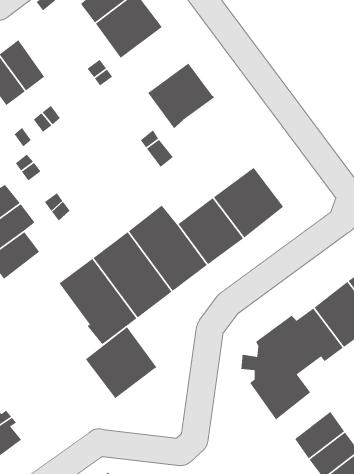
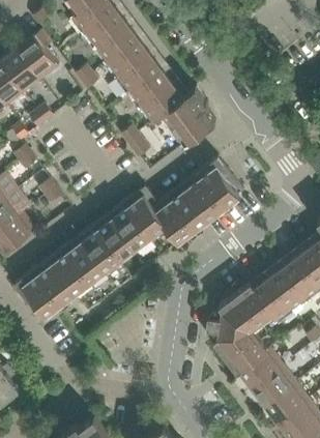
building: none -> [18,30,59,81]
building: none -> [105,38,163,94]
building: none -> [158,87,216,148]
building: [85,326,158,399] -> [16,257,78,319]
building: none -> [237,348,284,389]

